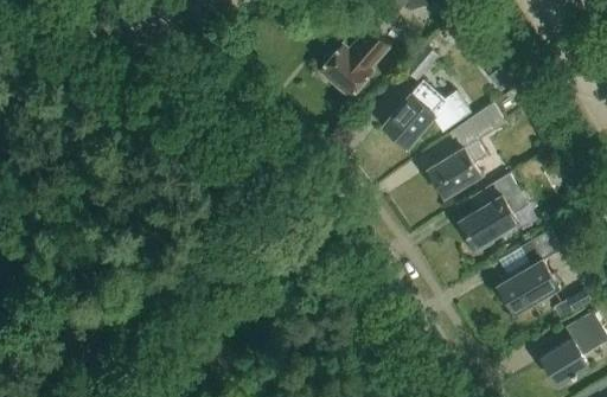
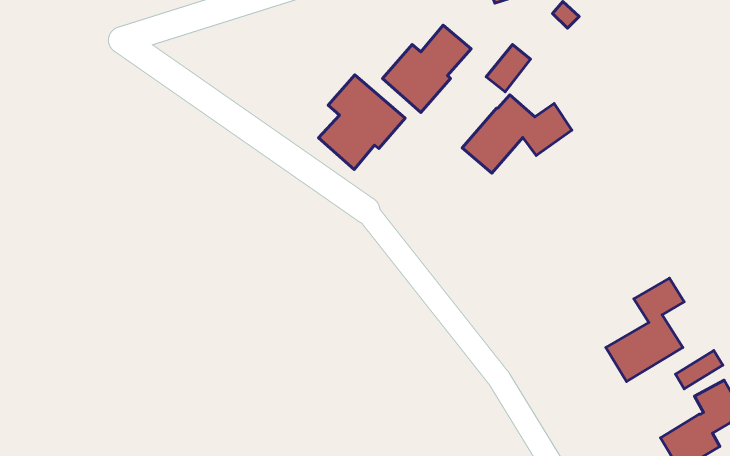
building: none -> [318,75,405,169]
building: [427,107,504,198] -> none
building: [458,174,526,249] -> none

